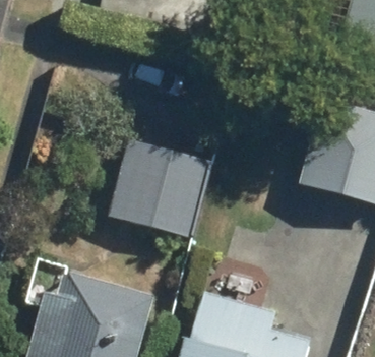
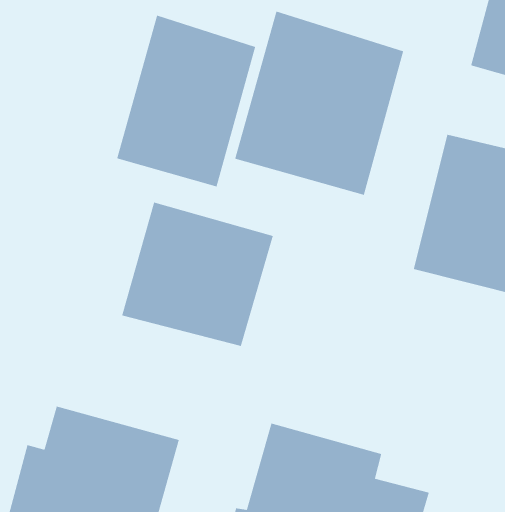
building: none -> [234,11,404,196]
building: none -> [116,15,256,187]

